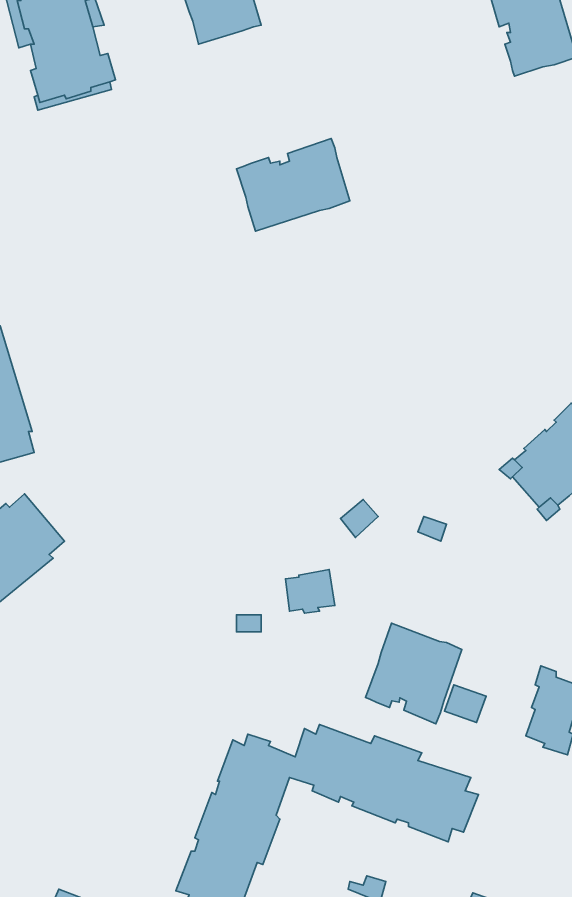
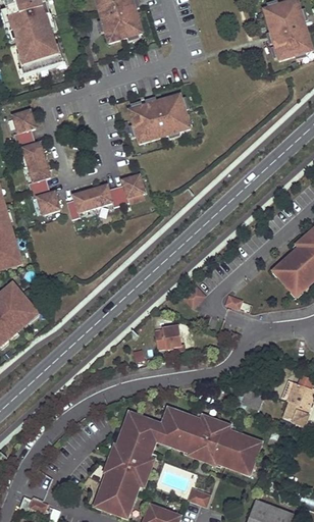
building: none -> [12,109,59,214]
building: none -> [66,174,145,218]
building: [366,623,462,724] -> none

